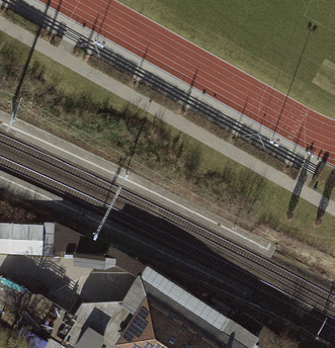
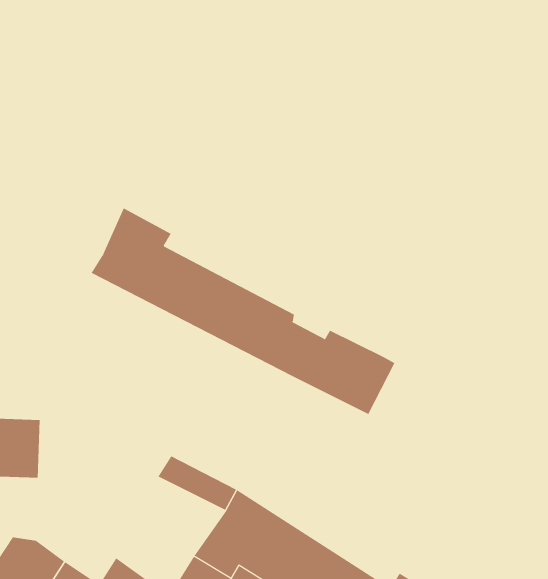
building: none -> [91,207,395,415]

